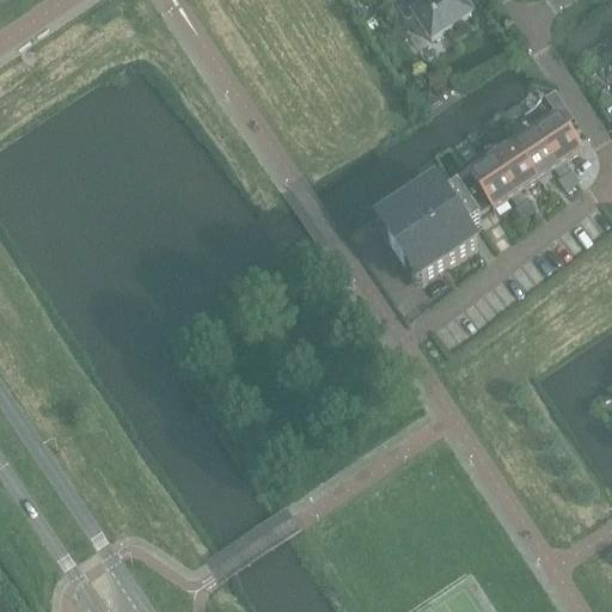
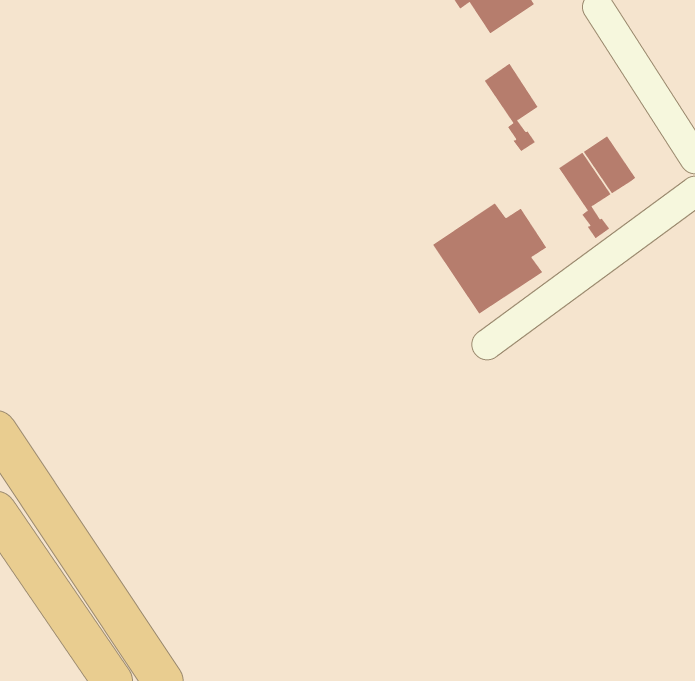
building: [531,103,579,180] -> [484,63,539,152]
building: [465,147,513,200] -> none

